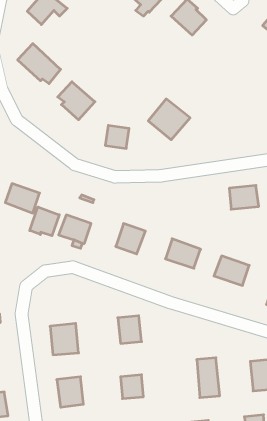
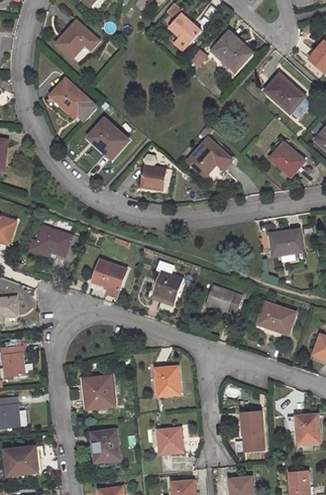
building: none -> [263,73,303,112]
building: none -> [267,140,304,174]
building: [30,207,59,236] -> none

